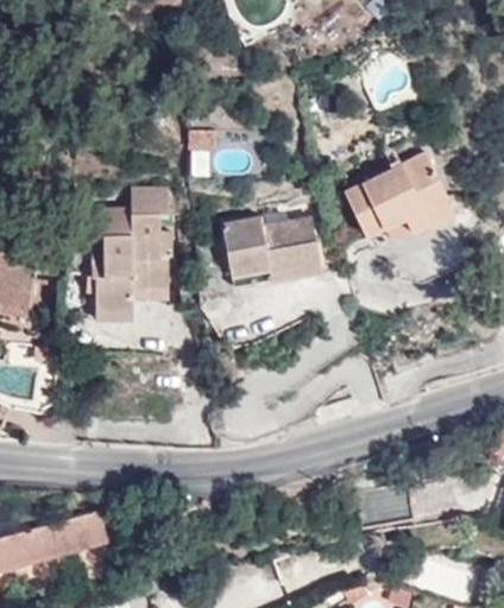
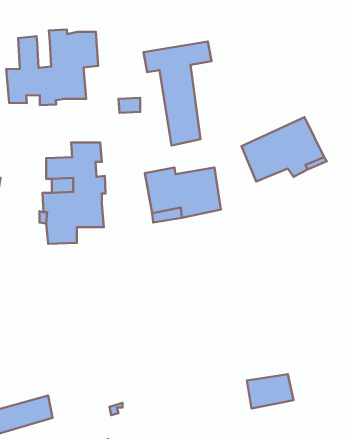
building: none -> [6,30,98,105]
building: none -> [144,41,212,145]

